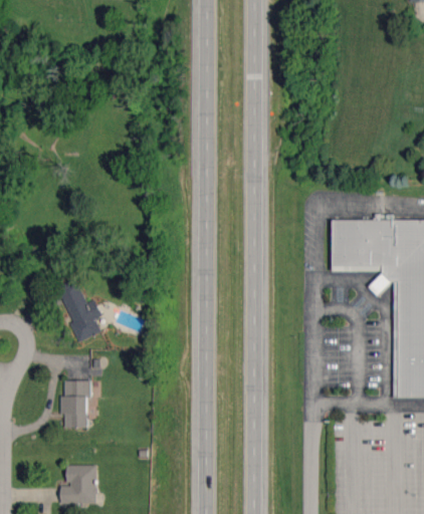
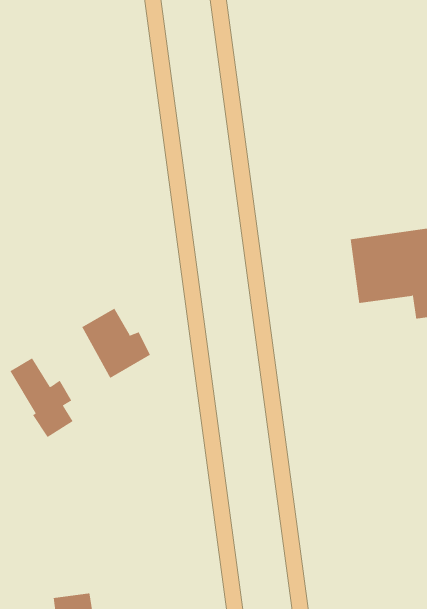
building: none -> [82,308,151,379]
building: [60,380,91,428] -> none

